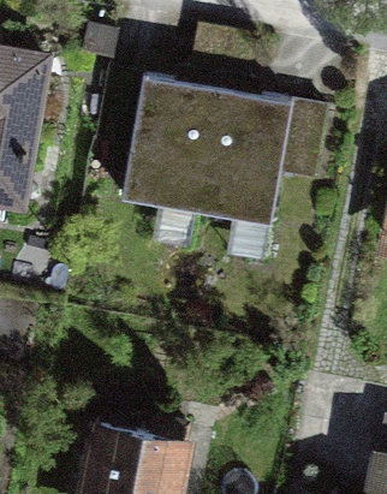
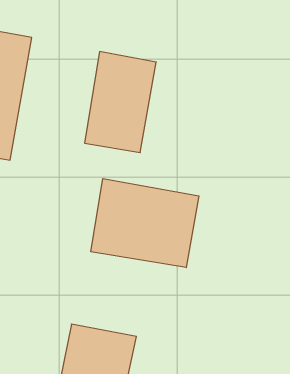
building: [191,90,284,219] -> none
building: none -> [91,179,199,268]

